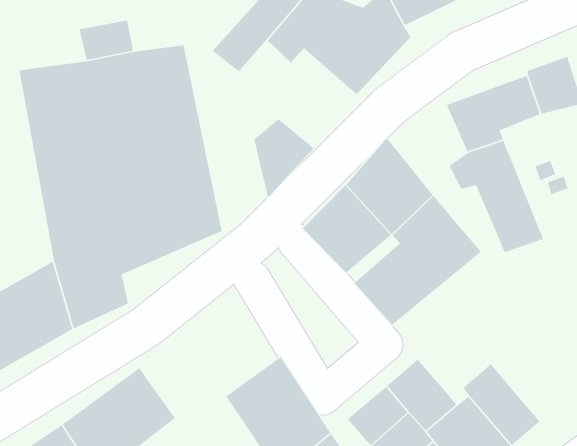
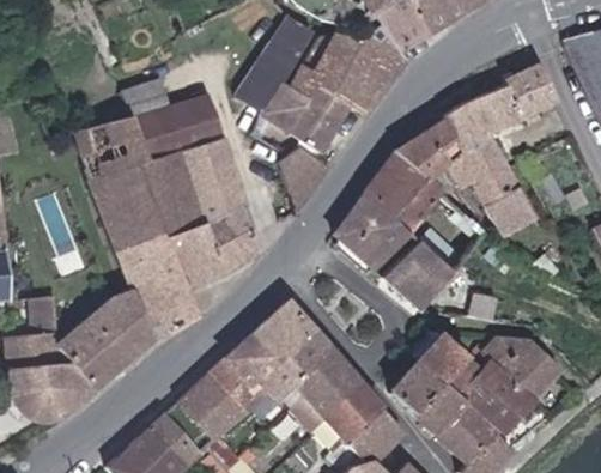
building: none -> [260,80,350,151]
building: none -> [394,116,463,184]
building: none -> [208,298,327,416]

